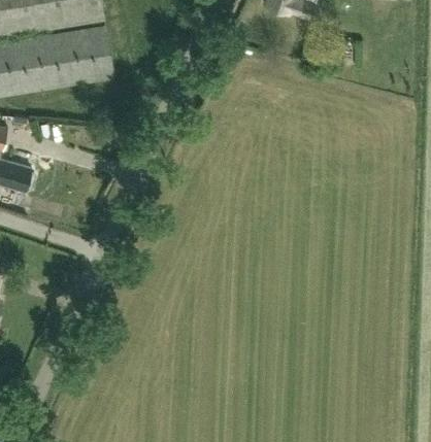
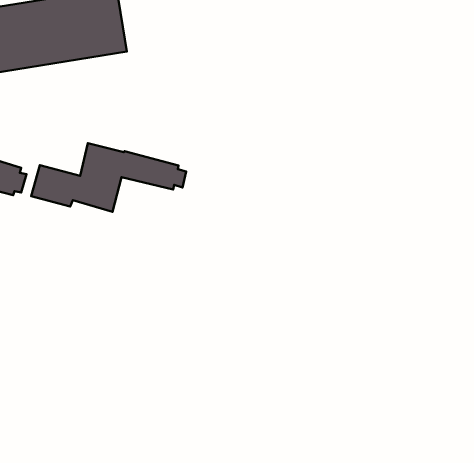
building: none -> [31,143,186,212]

